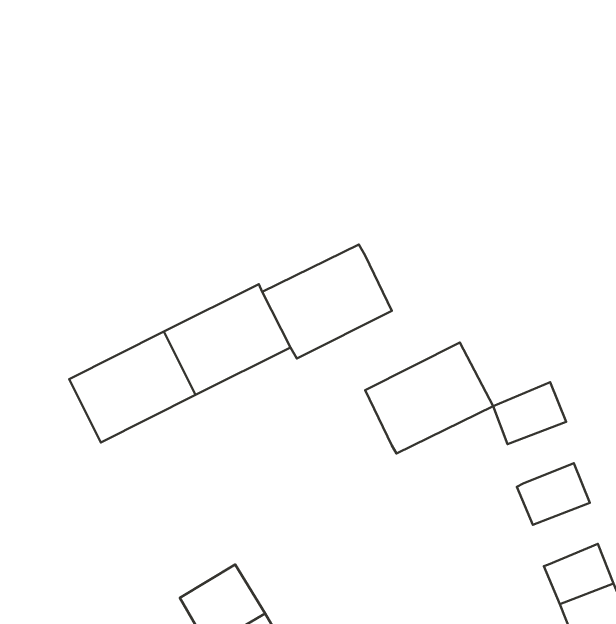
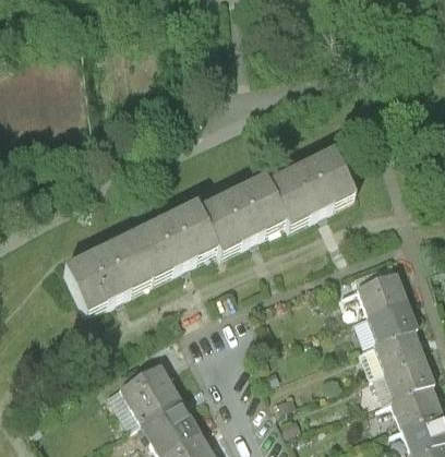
building: [365,343,493,454] -> [267,149,356,226]
building: none -> [365,297,416,339]
building: none -> [383,352,433,395]
building: none -> [119,362,178,418]

